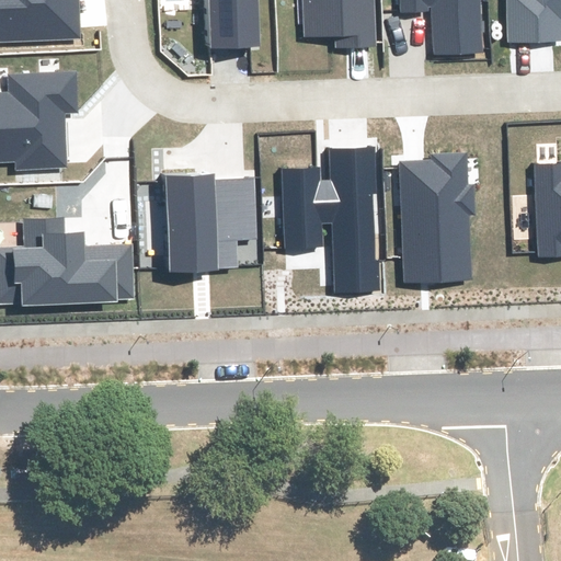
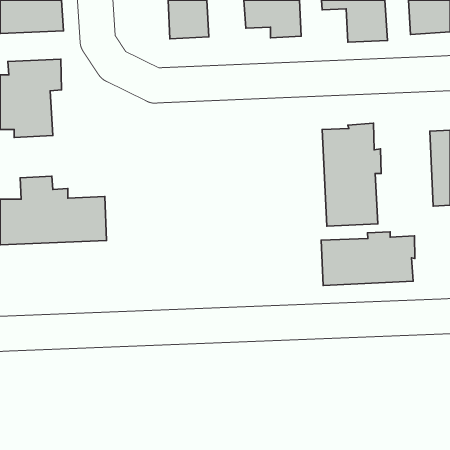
building: [282,149,380,293] -> none
building: [165,175,255,271] -> none
building: none -> [321,232,415,285]

